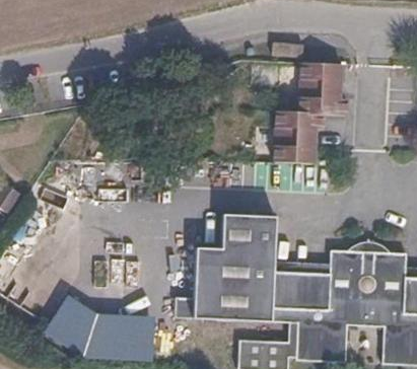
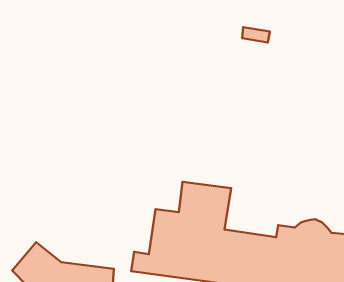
building: [275,61,349,163] -> none

